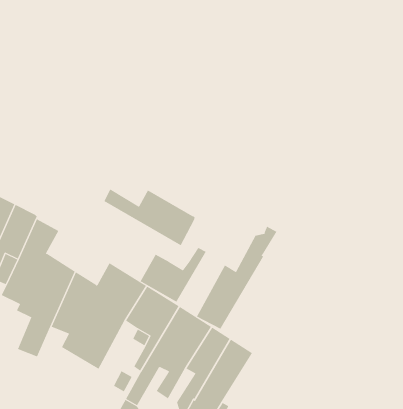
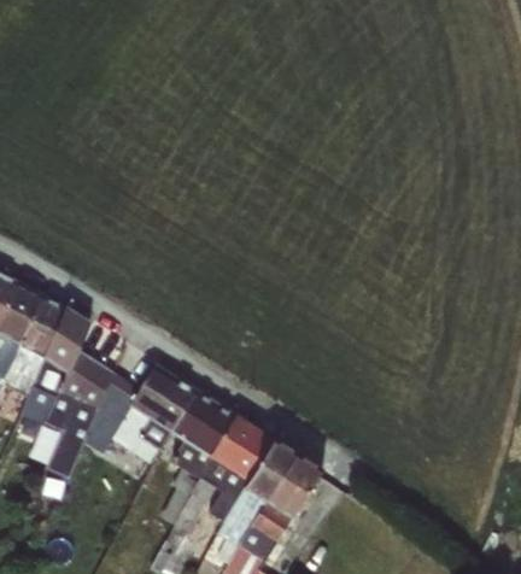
building: [103,189,195,246] -> none
building: [196,226,277,329] -> none
building: [140,247,207,303] -> none

